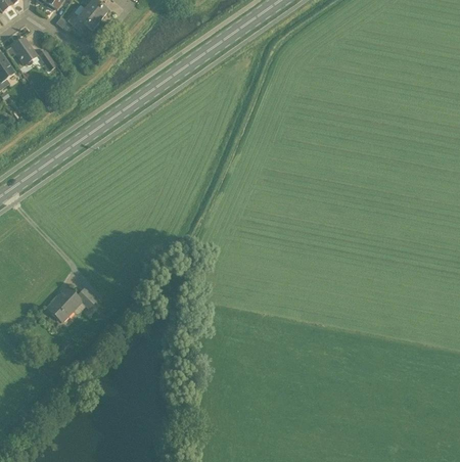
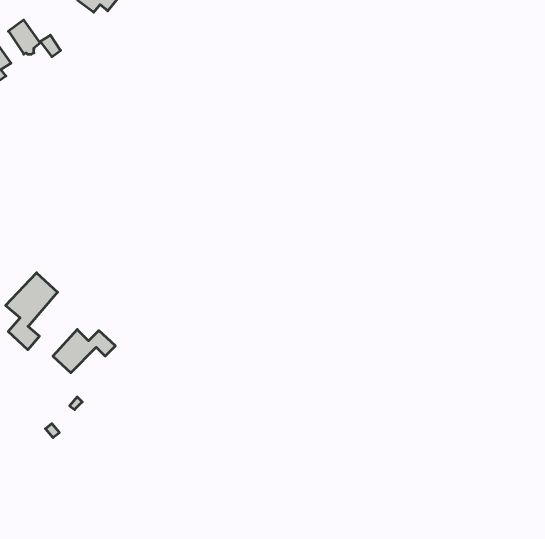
building: none -> [6,273,58,350]

